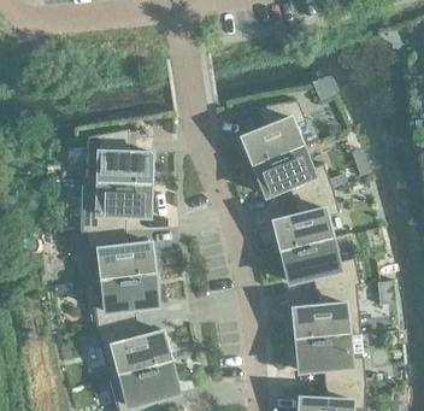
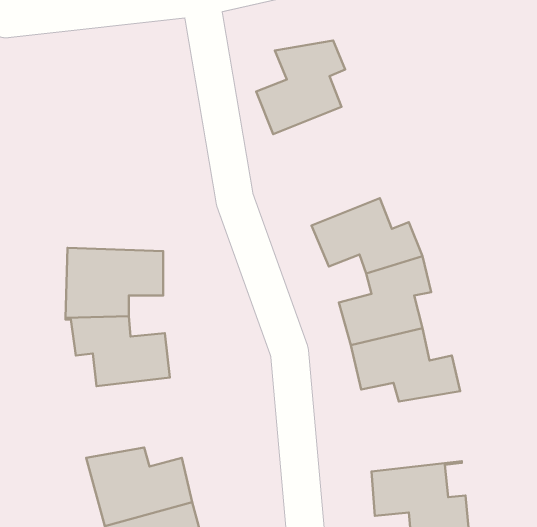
building: [241,100,304,166] -> [256,40,345,134]
building: [81,129,149,184] -> none
building: [92,274,157,330] -> none
building: [292,283,359,340] -> none

